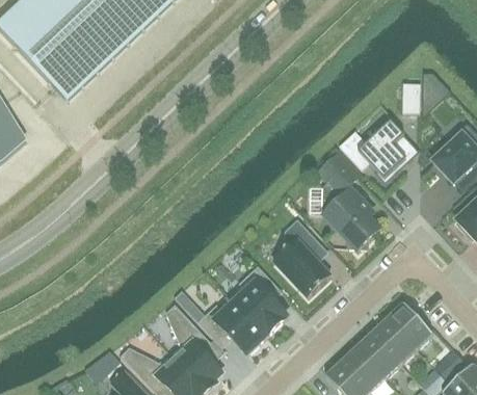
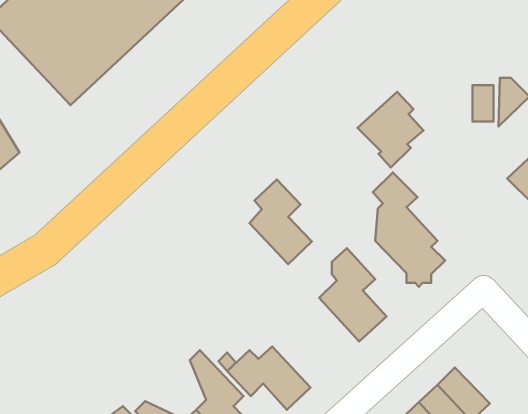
building: [357,118,413,182] -> [357,92,423,168]
building: [235,263,287,334] -> [249,179,312,264]
building: [388,302,432,347] -> none

